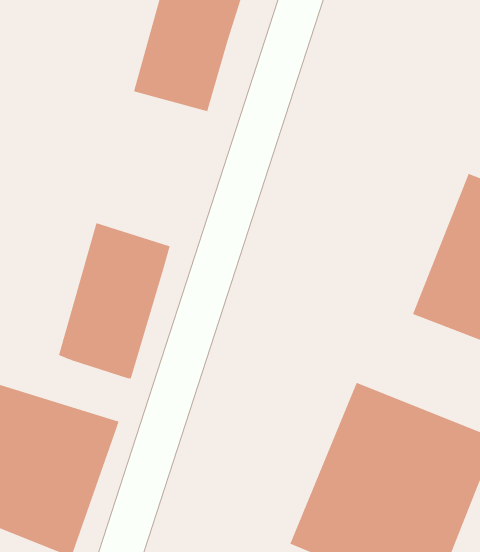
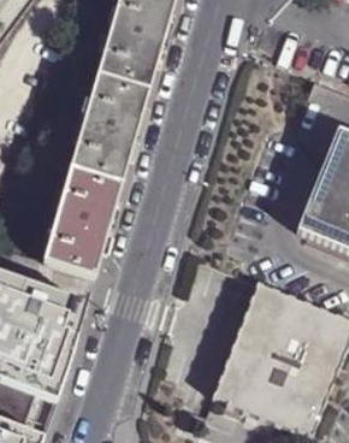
building: none -> [71,75,150,184]

